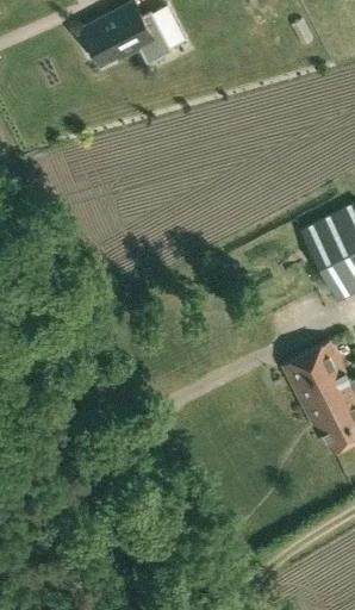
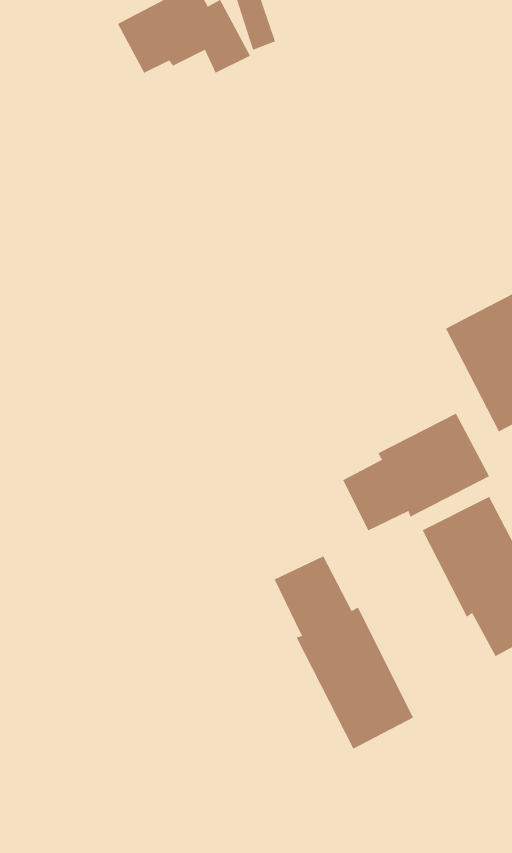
building: none -> [343,413,490,531]
building: none -> [274,555,414,750]

